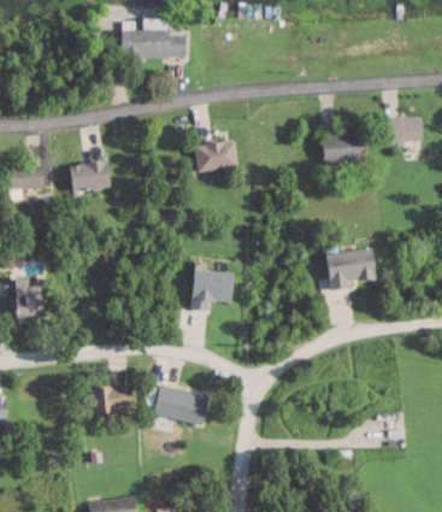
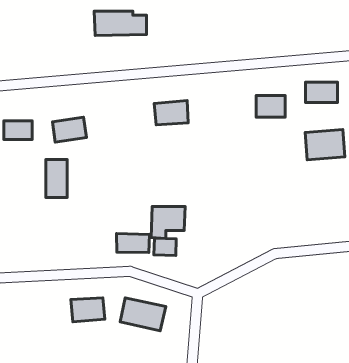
building: [326,249,376,287] -> [305,130,345,160]
building: [17,278,43,325] -> [46,160,67,198]
building: none -> [116,233,149,252]
building: none -> [154,238,176,255]

